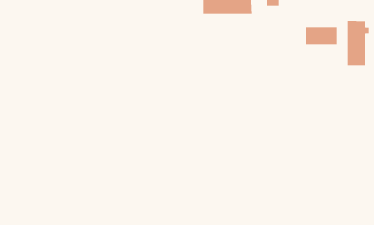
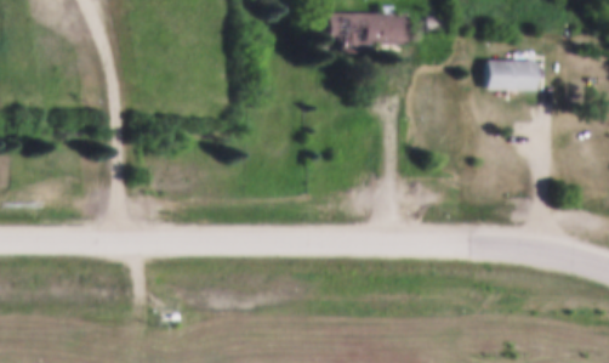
building: [347,20,370,66] -> none

